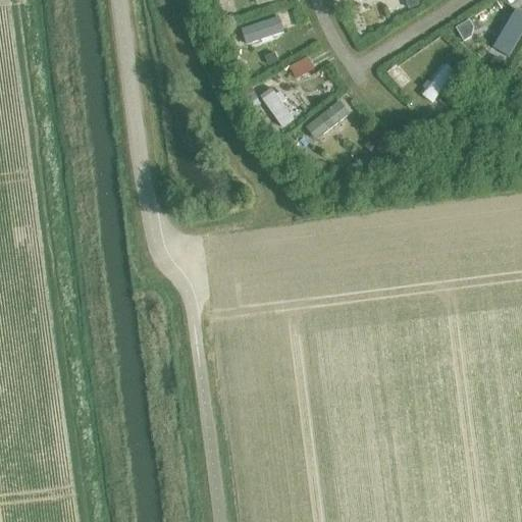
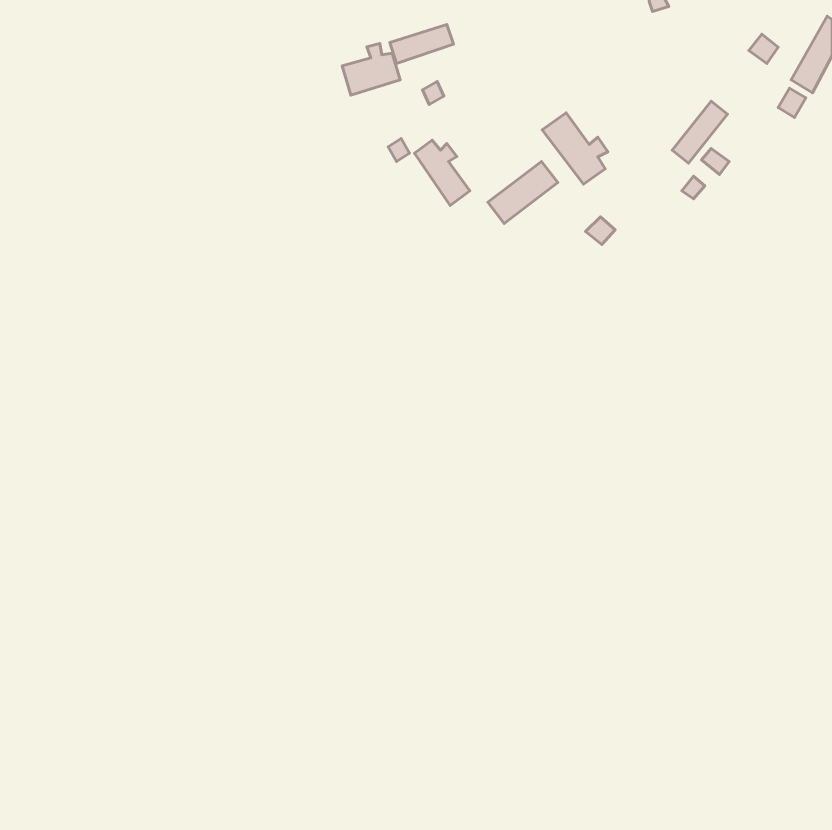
building: none -> [342,44,400,95]
building: none -> [542,113,608,184]

